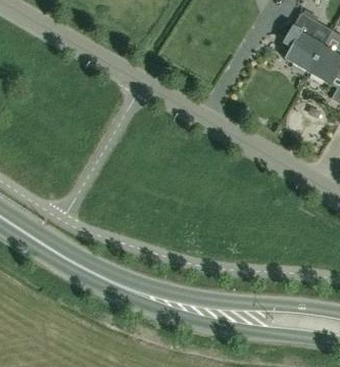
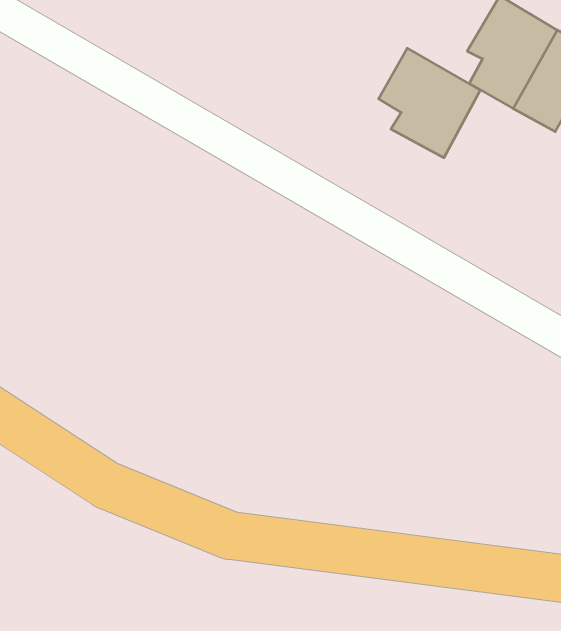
building: none -> [379,48,480,158]

